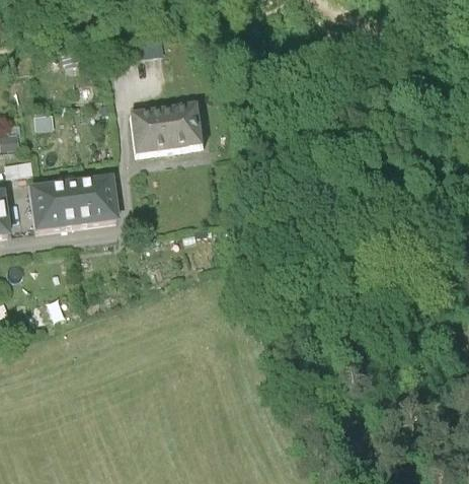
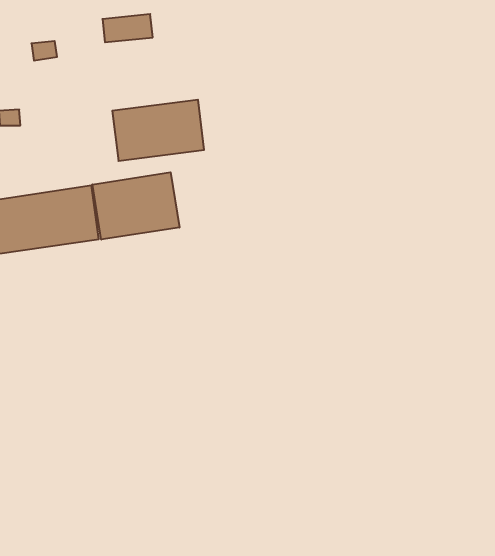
building: none -> [92,172,179,240]

